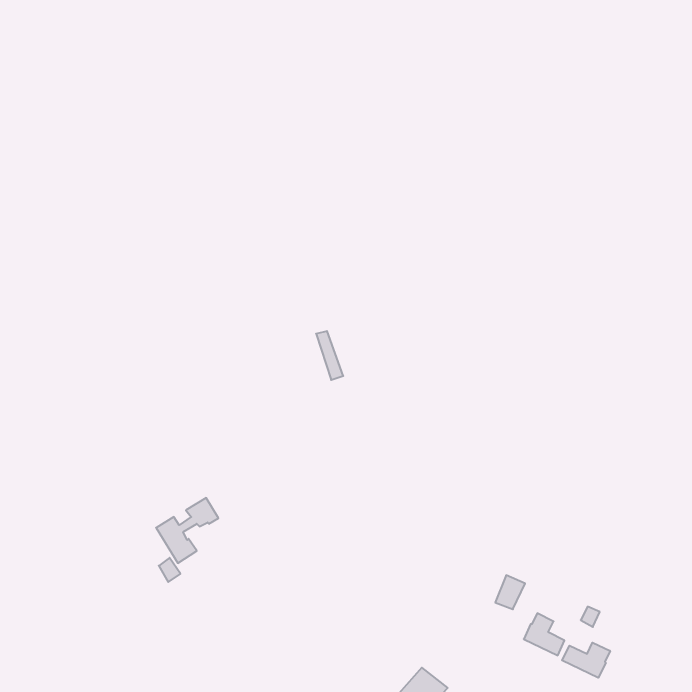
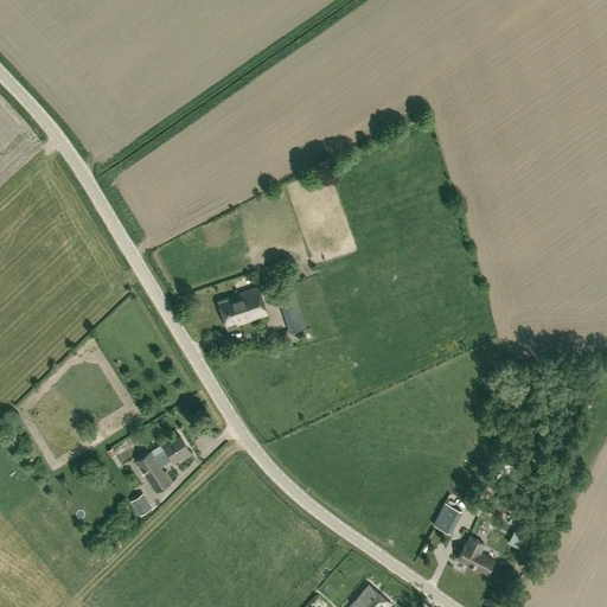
building: none -> [219,288,267,328]
building: [562,643,610,678] -> none

